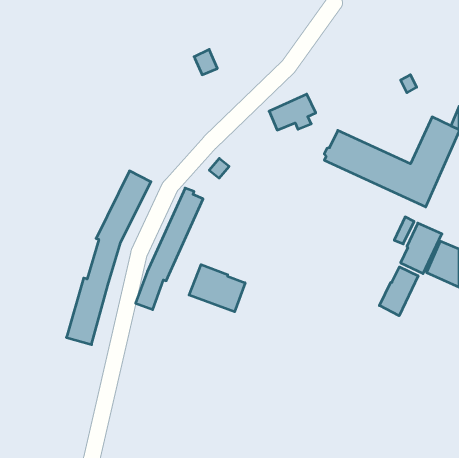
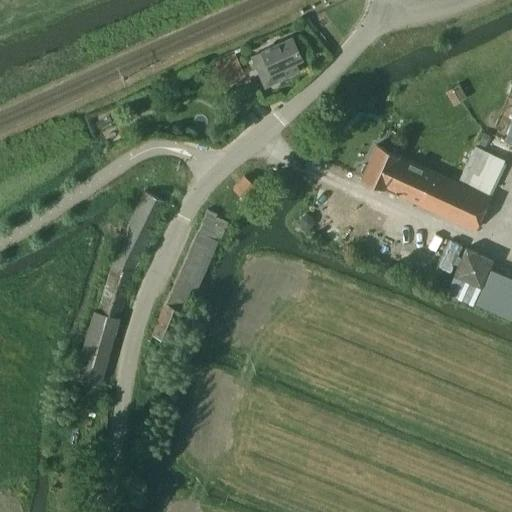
building: [269,94,316,130] -> [250,39,302,79]
building: [189,265,245,312] -> none
building: [379,267,418,316] -> none

